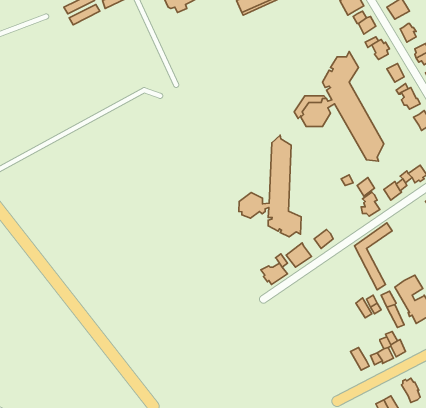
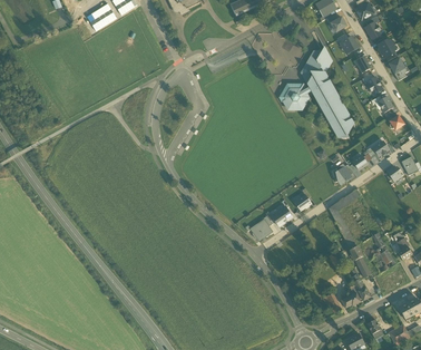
building: [239,135,301,237] -> none

